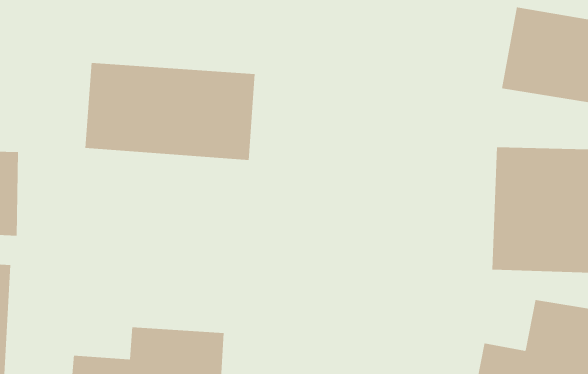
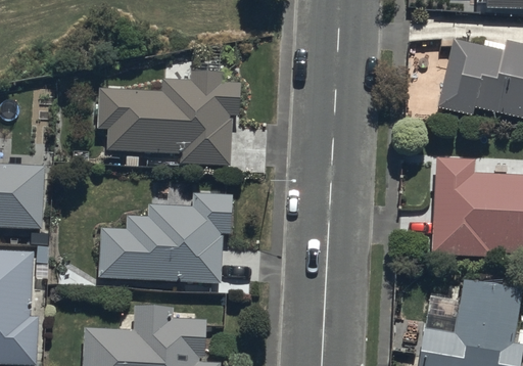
building: none -> [101,193,230,283]

